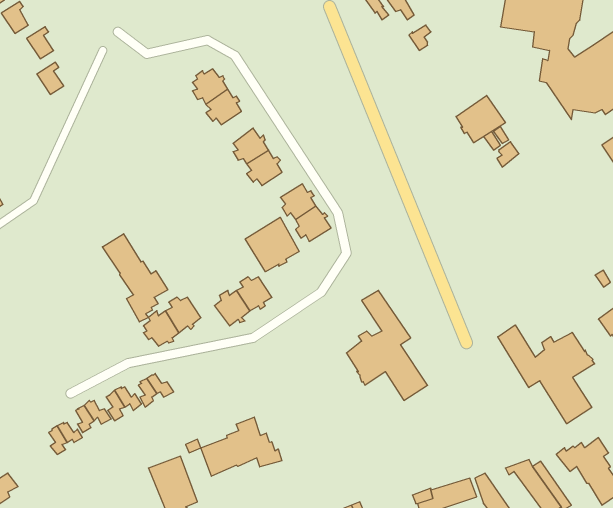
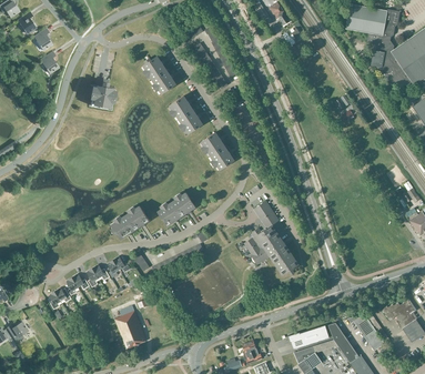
building: [456,95,505,143] -> none
building: none -> [89,80,114,109]
building: [245,217,299,272] -> none
building: [102,234,168,322] -> none
building: [498,325,595,424] -> none
building: [201,417,282,476] -> none

